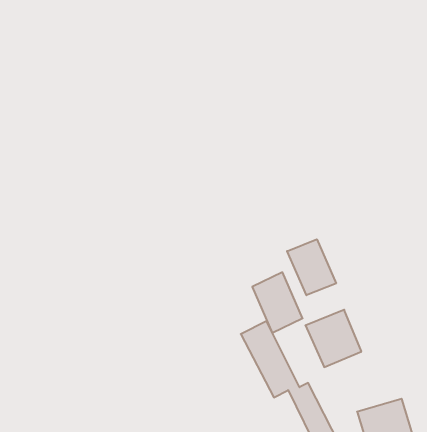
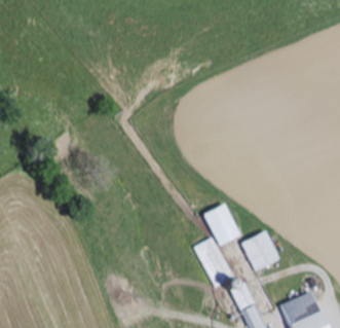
building: [287,239,336,295] -> none

